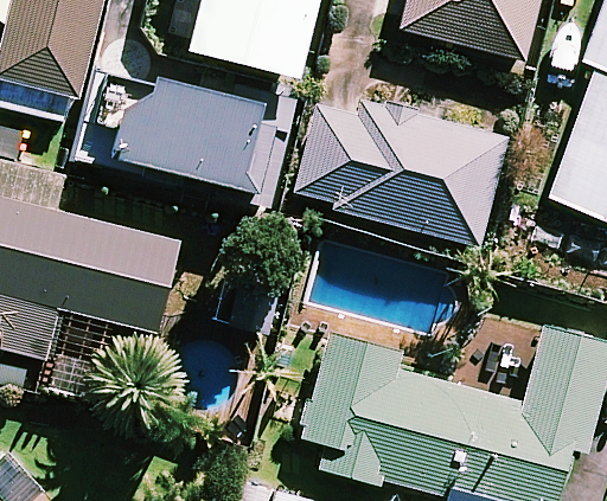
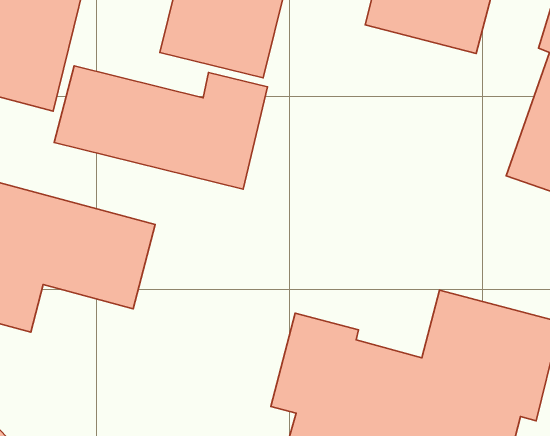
building: [294,90,506,244] -> none

